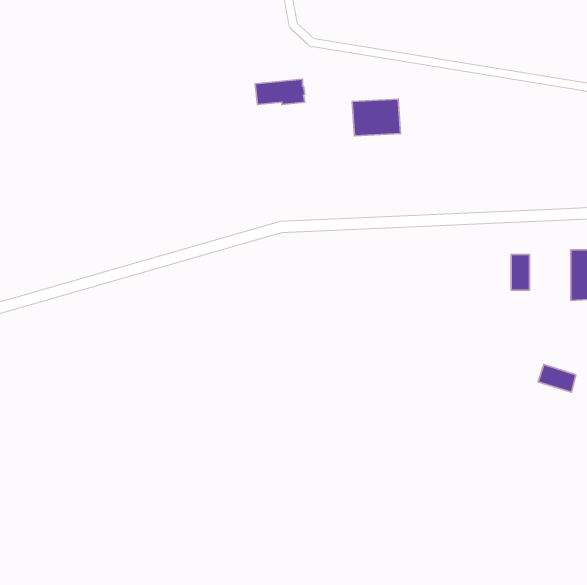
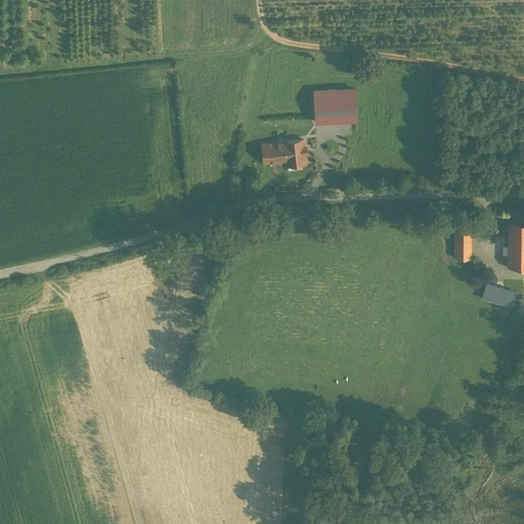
building: [255,79,305,104] -> [263,142,307,165]
building: [538,364,576,392] -> [482,285,516,309]

